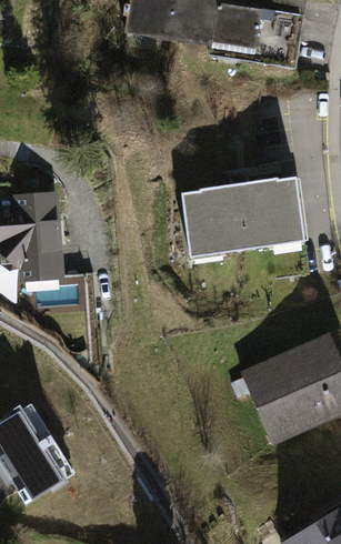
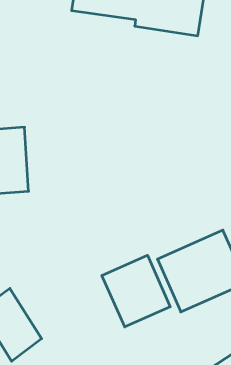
building: [179,178,303,259] -> none
building: none -> [102,255,170,327]

